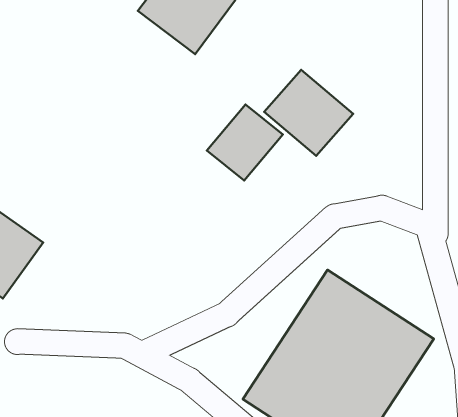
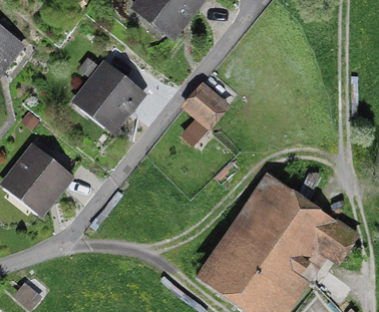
building: [264,70,353,156] -> none
building: none -> [74,64,143,132]

